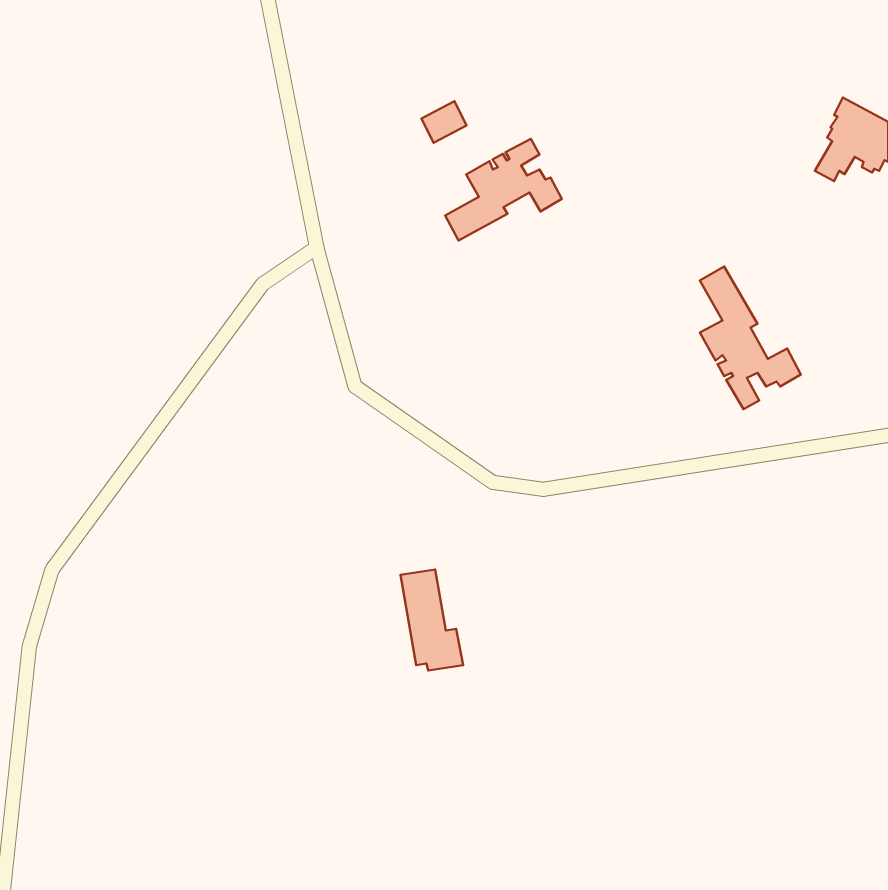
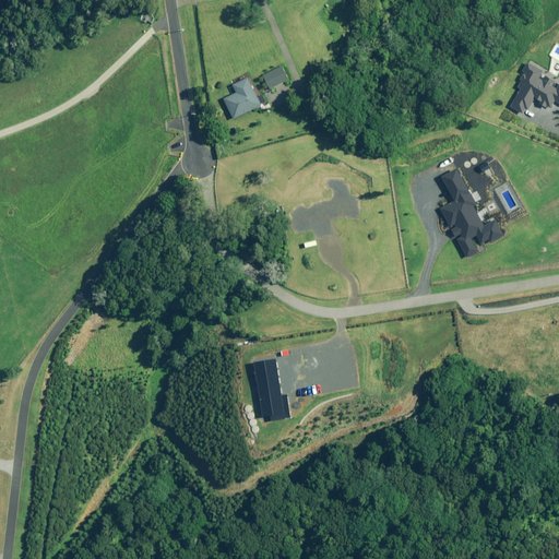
building: none -> [225,79,261,118]
building: [445,139,562,240] -> none

